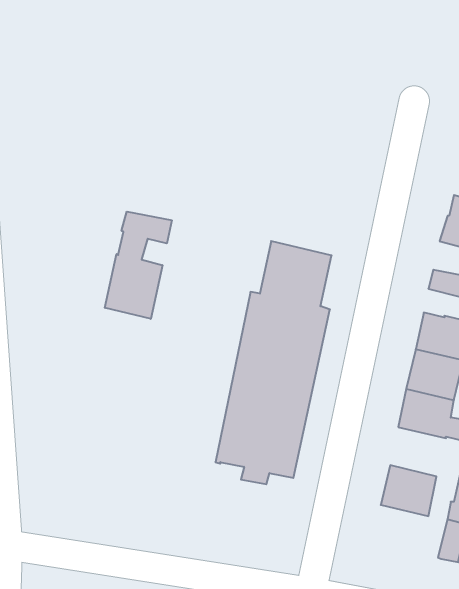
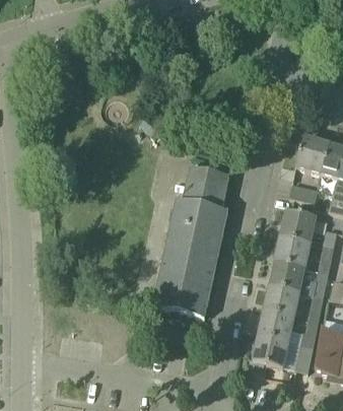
building: [105,212,172,319] -> none
building: none -> [264,284,299,316]
building: none -> [253,334,288,365]

